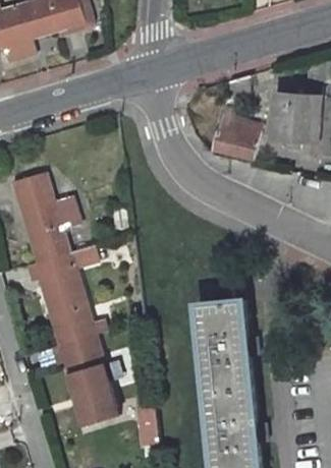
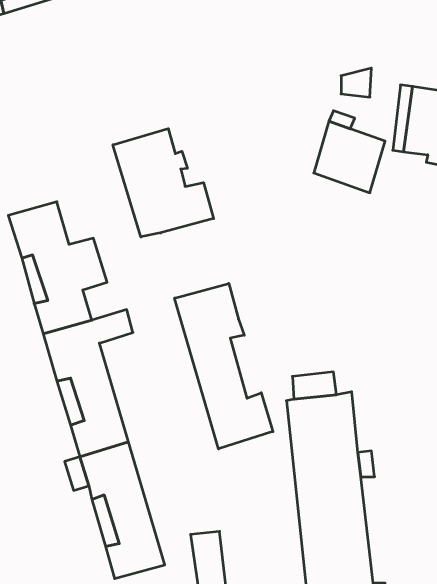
building: none -> [113,129,214,237]
building: none -> [175,283,273,449]

